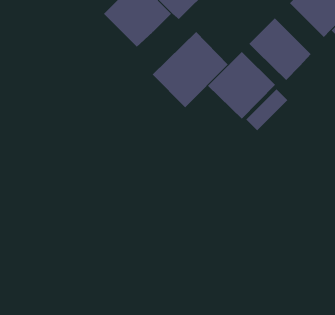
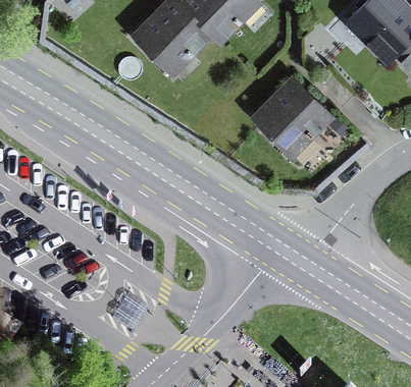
building: [248,17,312,81] -> none
building: [152,31,229,108] -> none

